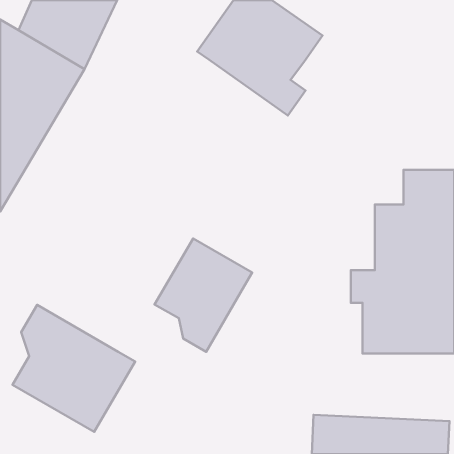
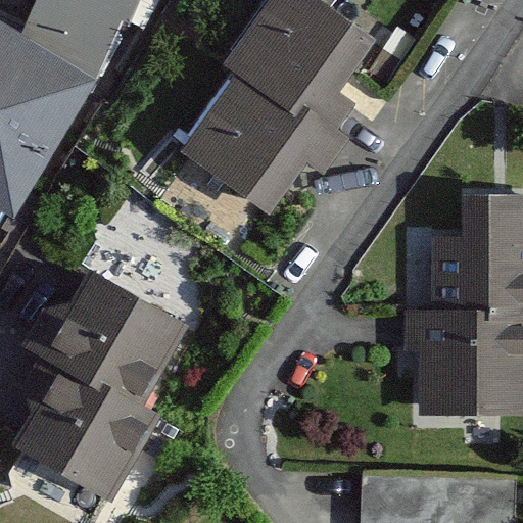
building: none -> [181,68,341,213]
building: none -> [28,271,182,405]
building: [155,238,252,352] -> none

